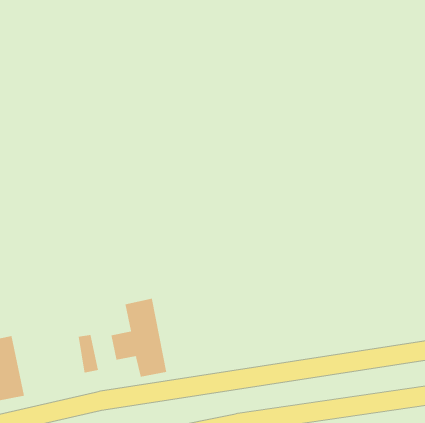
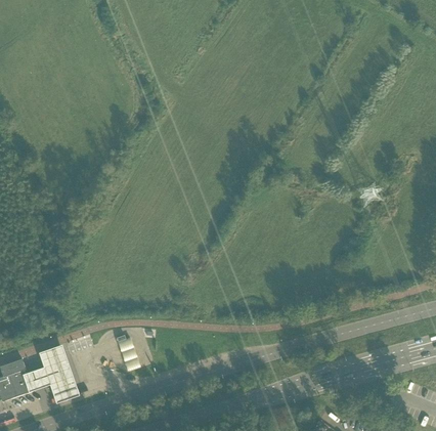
building: [111,298,167,378] -> none

